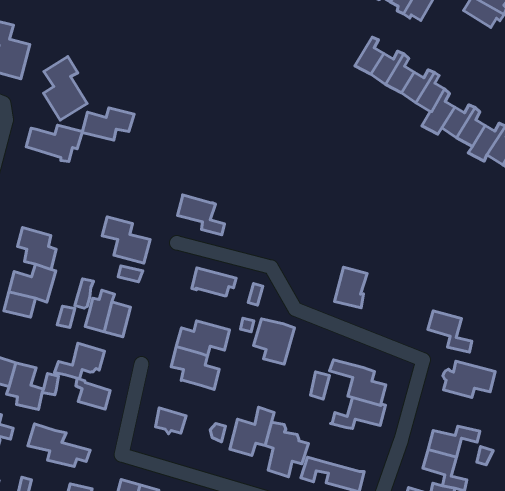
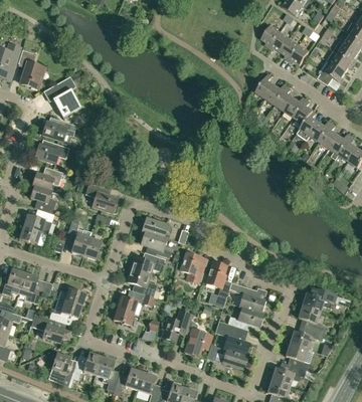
building: none -> [317,58,345,84]
building: [82,108,134,140] -> [35,142,69,163]
building: [177,195,224,235] -> [141,230,171,257]
building: none -> [32,166,62,190]
building: [335,267,367,308] -> [205,260,227,287]
building: [428,311,472,352] -> [298,305,326,333]
building: [54,343,104,379] -> [48,299,81,323]
building: none -> [117,289,154,314]
building: none -> [214,319,248,355]

